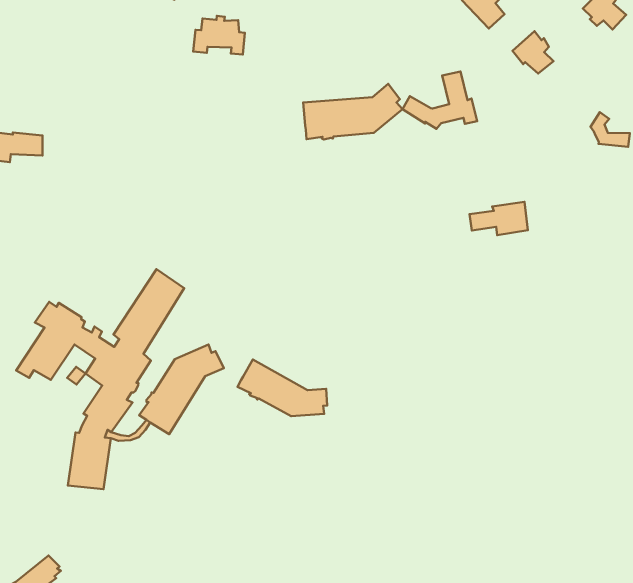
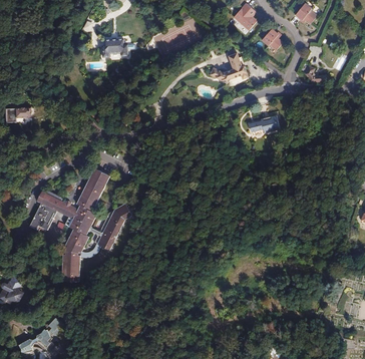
building: [303,84,402,139] -> none
building: [237,359,327,416] -> none

